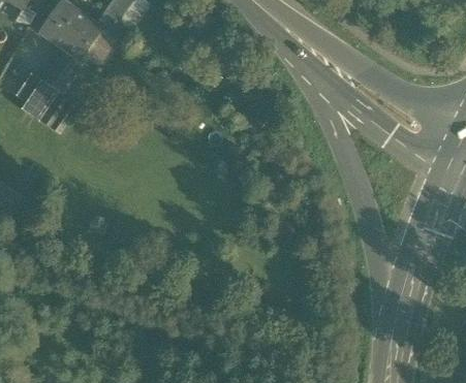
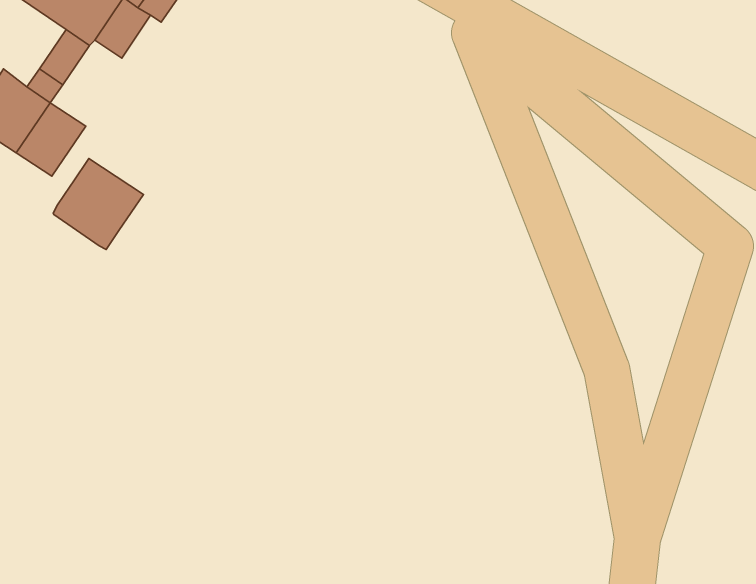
building: none -> [53,159,144,249]

